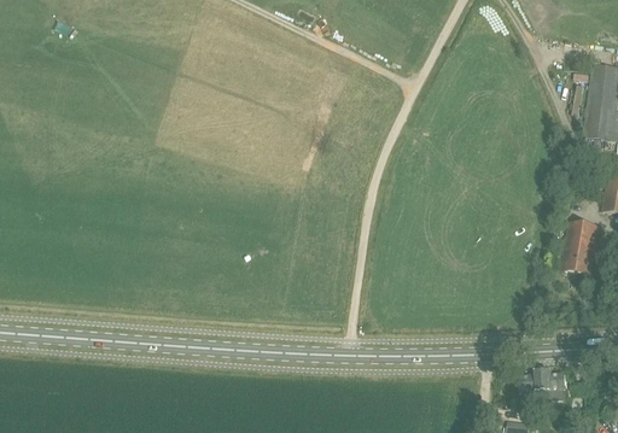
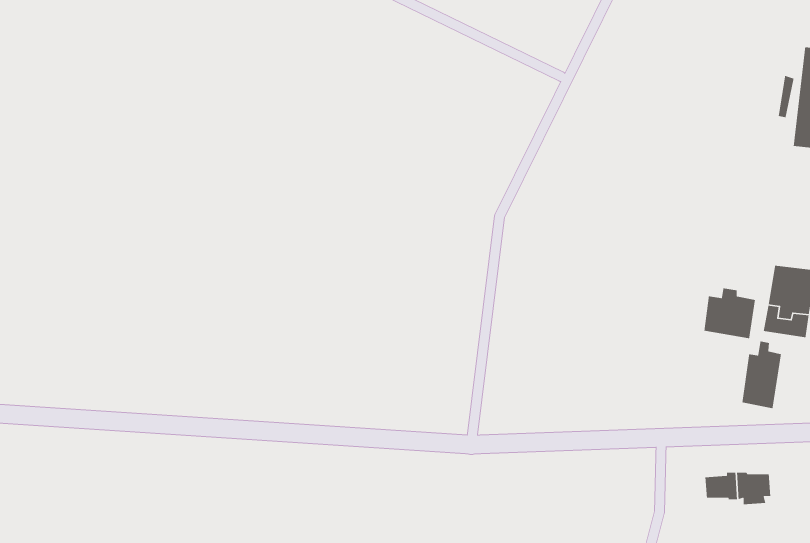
building: none -> [704,287,756,339]
building: none -> [741,341,782,409]

